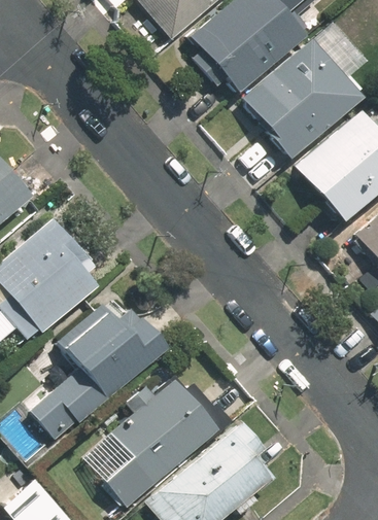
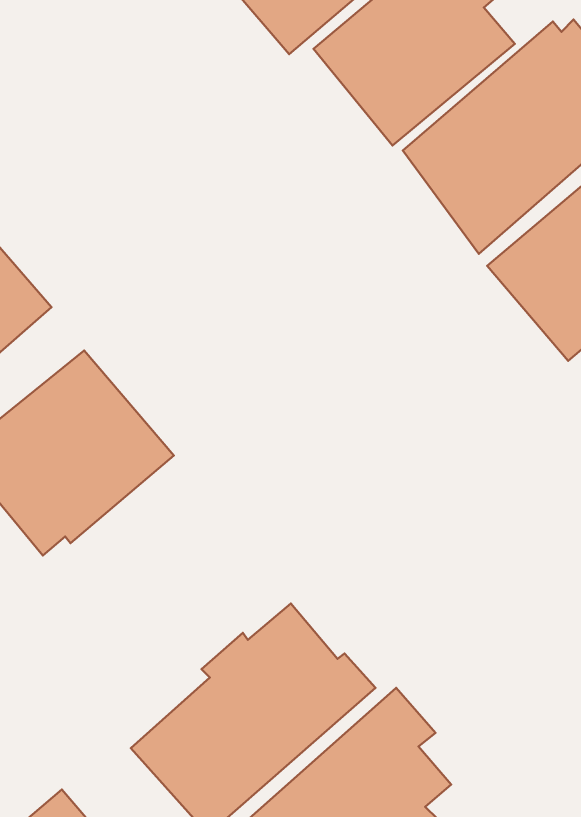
building: [32,306,163,442] -> none

